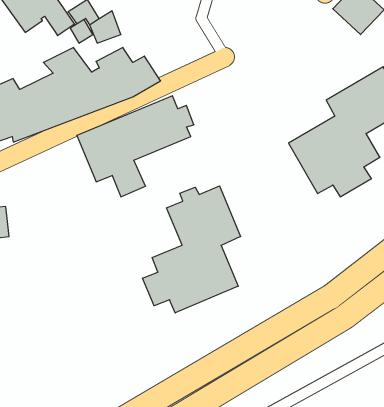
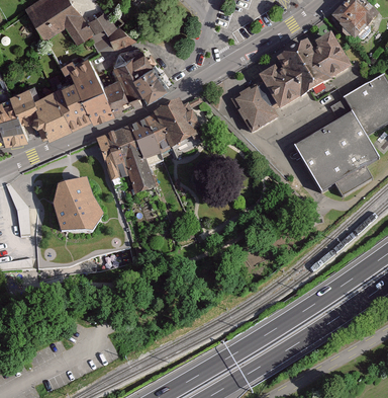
building: none -> [230,30,350,132]
building: none -> [51,178,102,234]
building: [143,186,241,313] -> none

